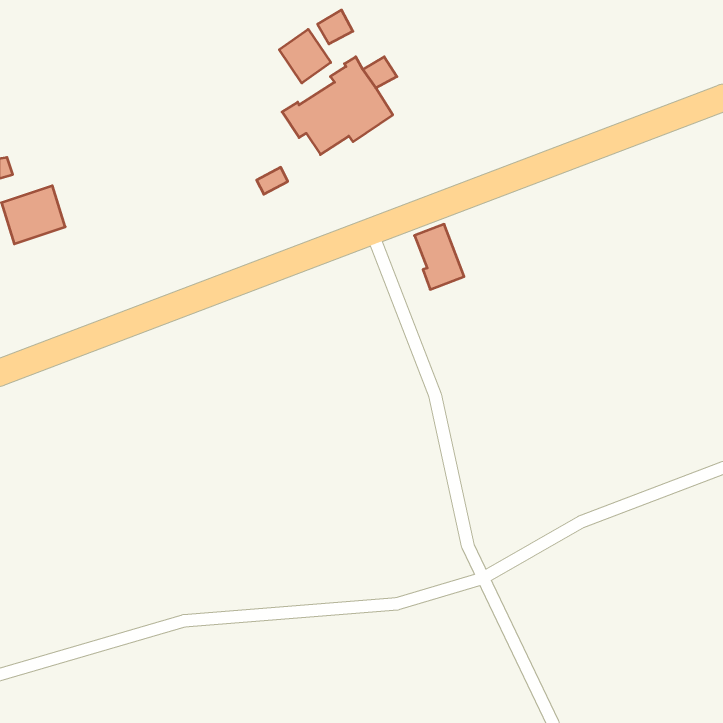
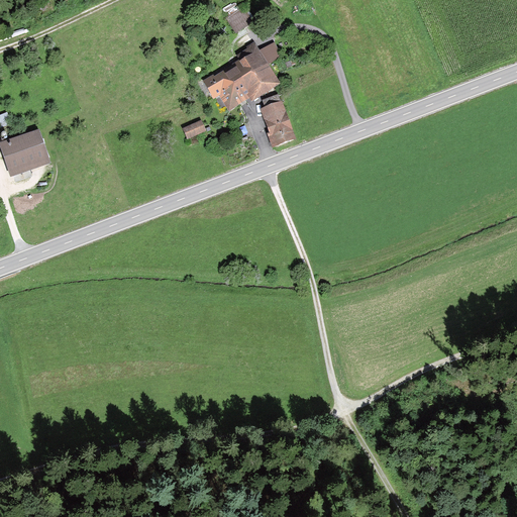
building: [279,29,331,83] -> none
building: [414,224,464,289] -> [260,100,295,146]

